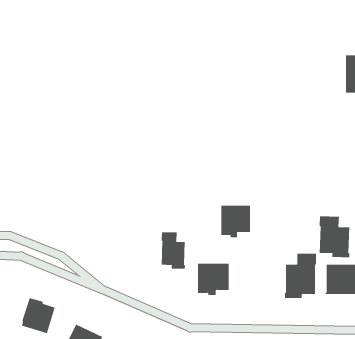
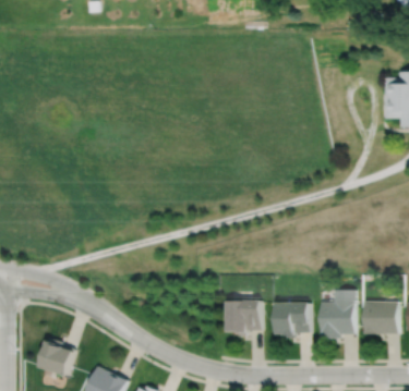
building: [221,205,251,238] -> [276,303,309,338]
building: [319,216,350,258] -> none
building: [161,231,185,270] -> none

